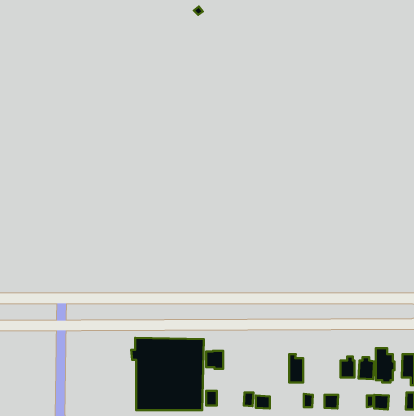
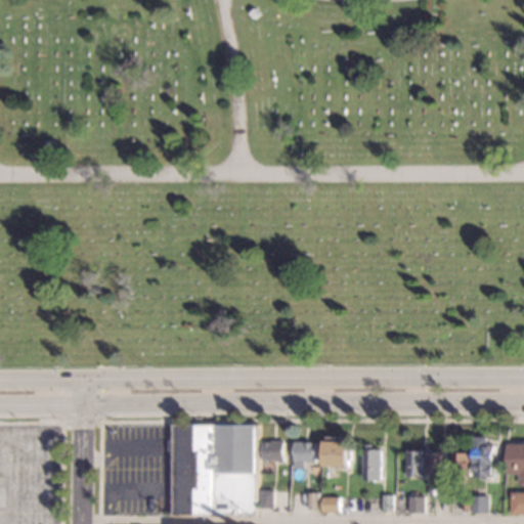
building: none -> [322,436,349,471]
building: none -> [291,440,313,470]
building: none -> [405,449,425,476]

